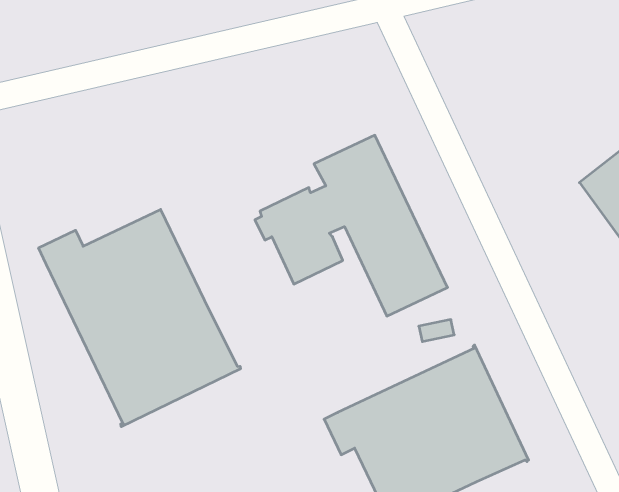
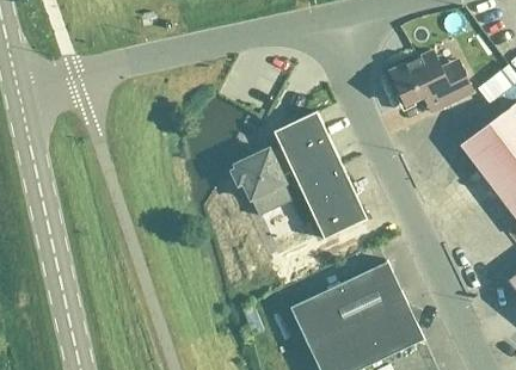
building: none -> [389,51,473,112]
building: [39,209,240,427] -> none

